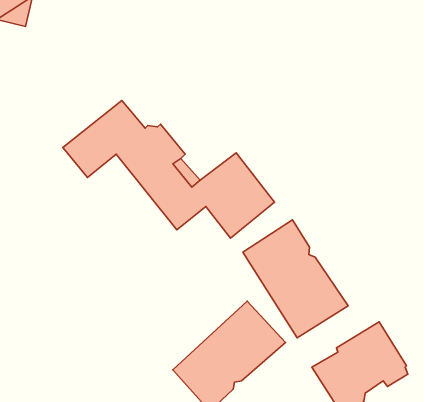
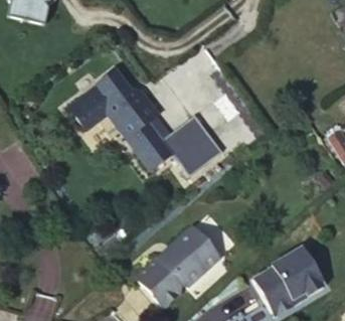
building: [243,220,348,338] -> none

